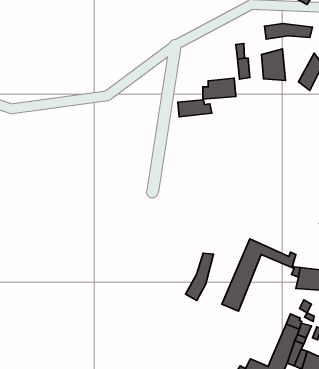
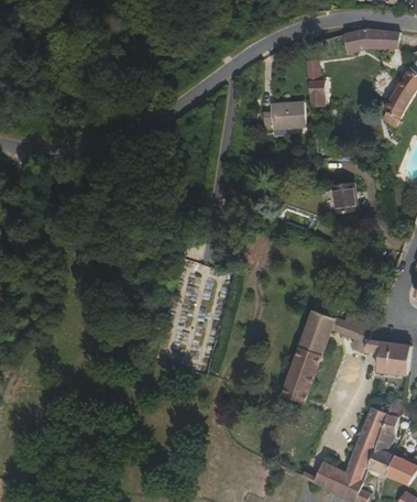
building: [262,49,286,80] -> none
building: [178,100,212,117] -> none
building: none -> [334,184,359,214]
building: [185,253,214,301] -> none

